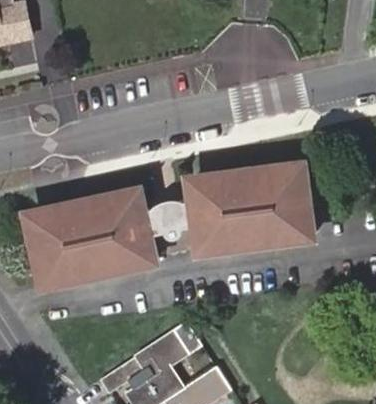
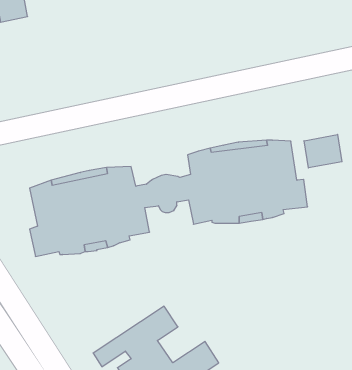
building: none -> [304,134,342,168]

